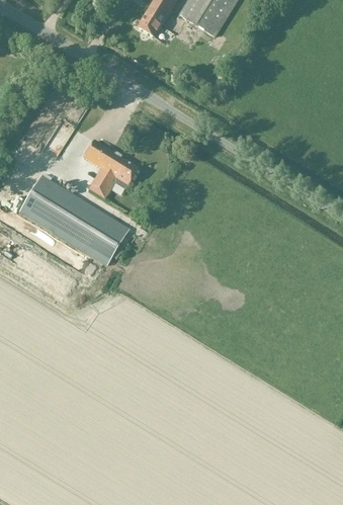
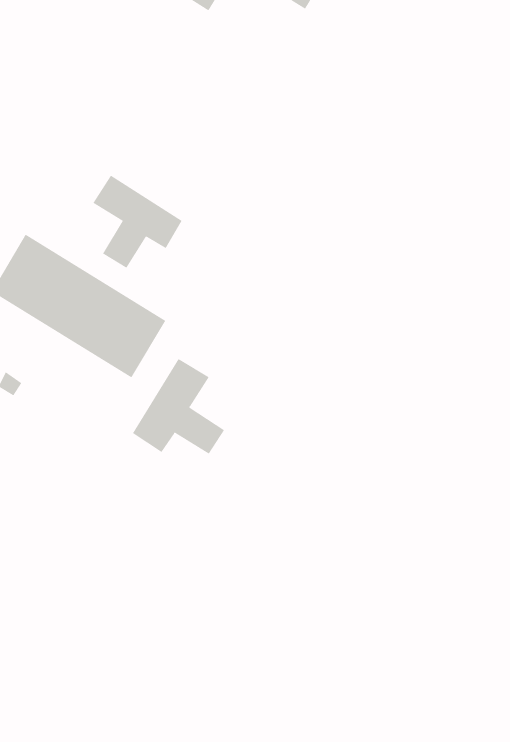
building: none -> [132,358,225,455]

